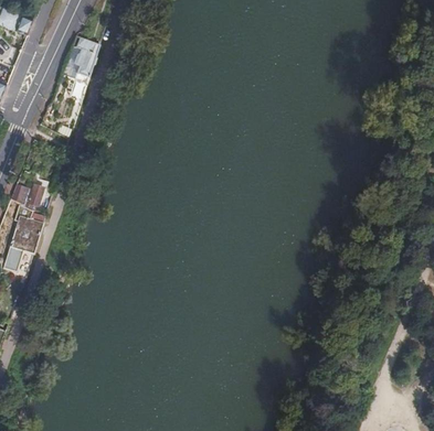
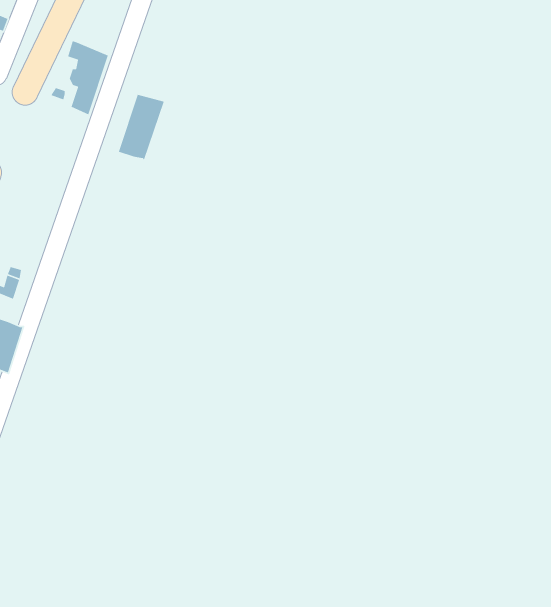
building: none -> [118,94,165,161]

